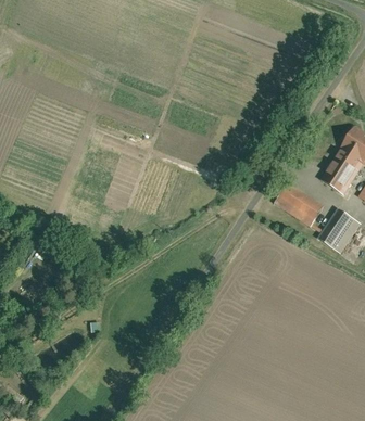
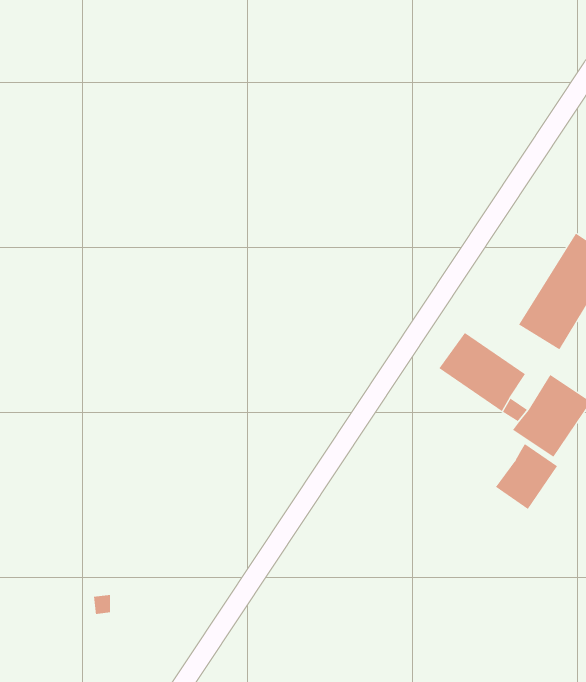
building: none -> [495,443,558,510]

